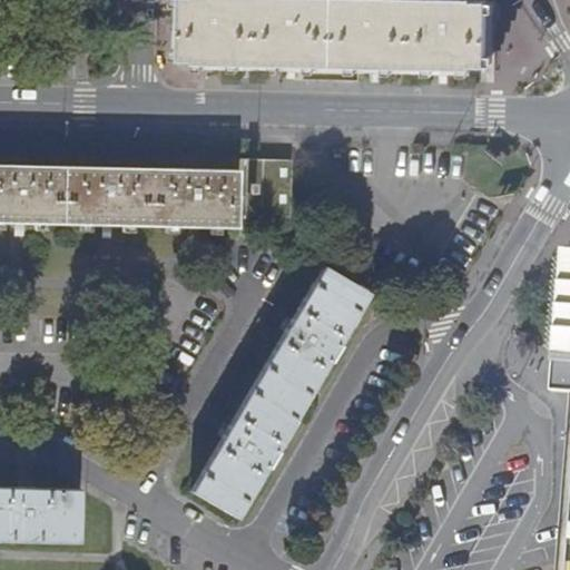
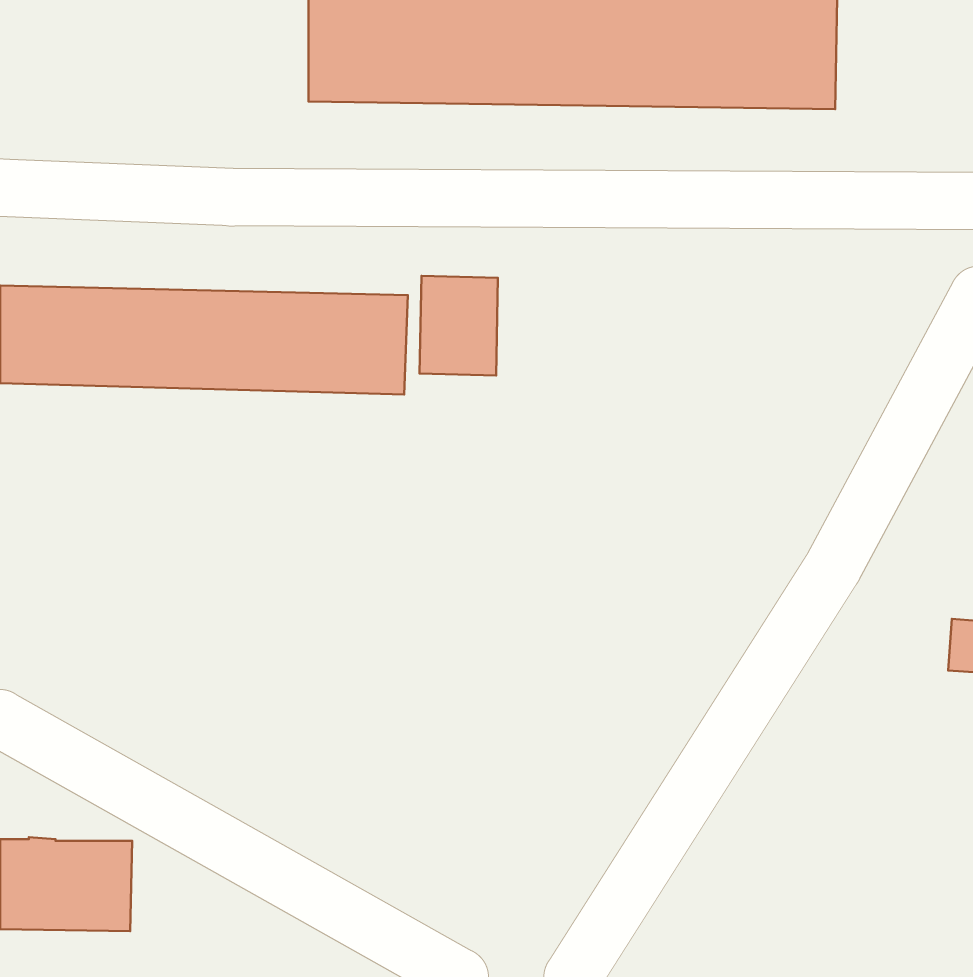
building: [193,267,370,518] -> none

